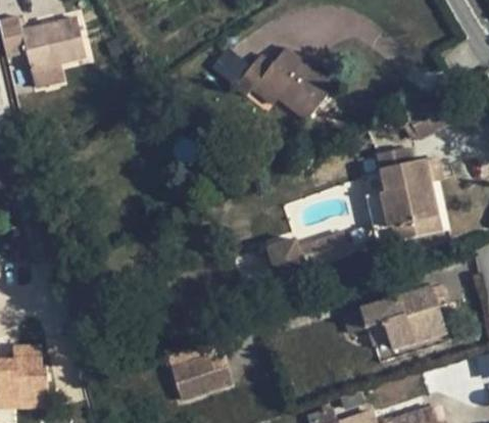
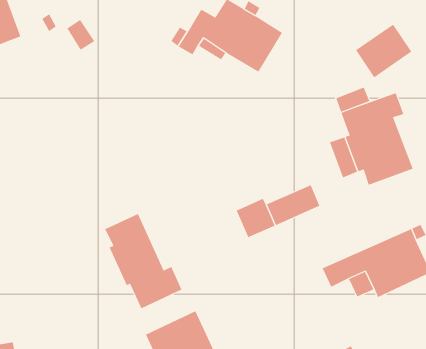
building: none -> [105,213,182,309]

